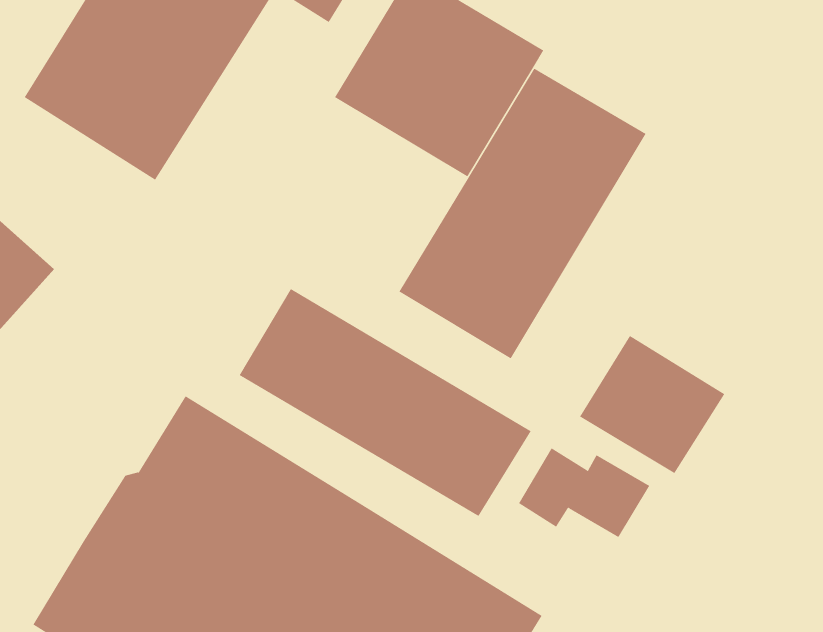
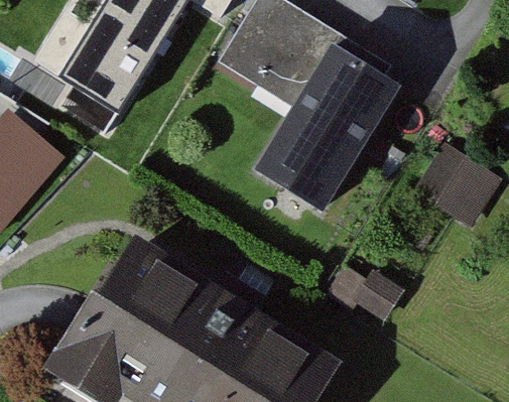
building: [239,288,532,517] -> none
building: [579,335,725,474] -> [410,144,495,225]

